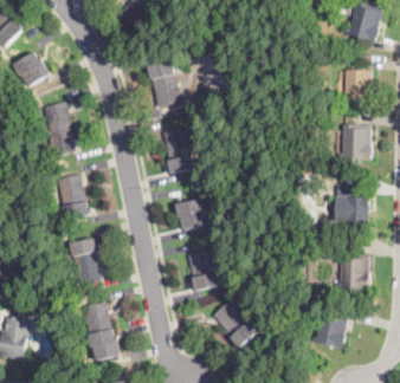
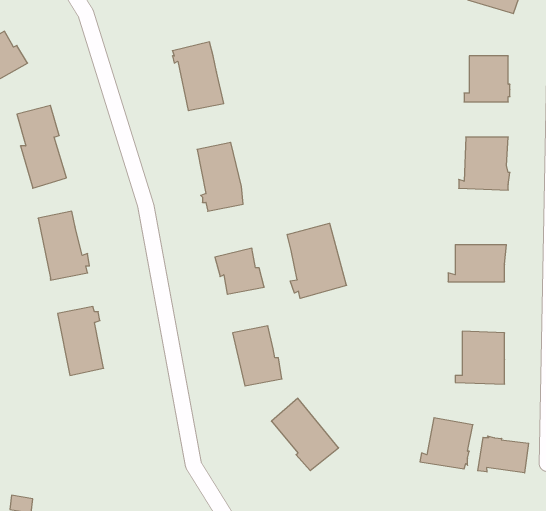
building: none -> [287,223,347,298]
building: [82,301,120,361] -> none
building: none -> [478,436,529,473]

